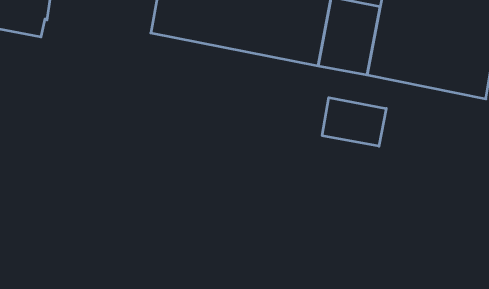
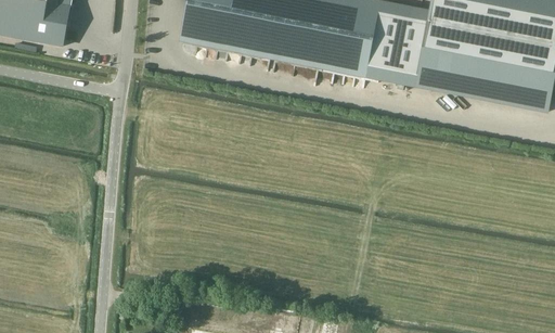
building: [322,98,386,146] -> none

